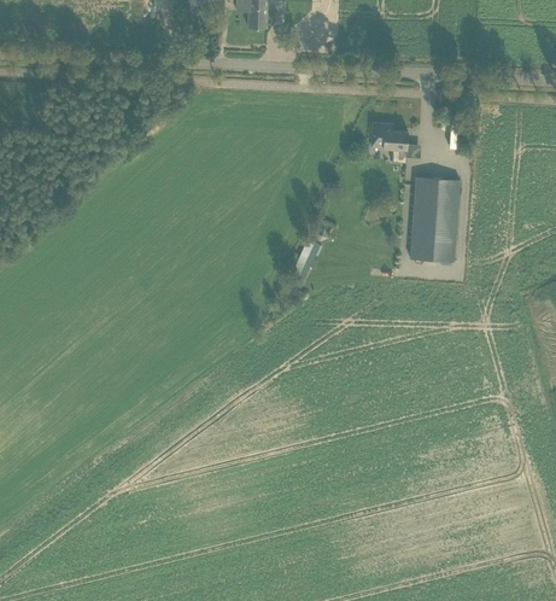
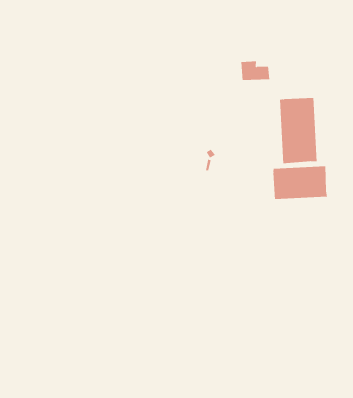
building: none -> [273,165,327,200]

